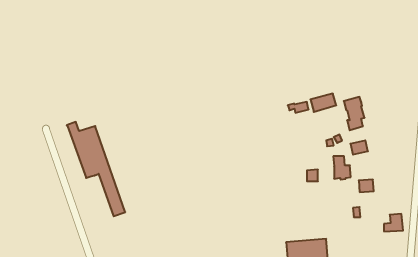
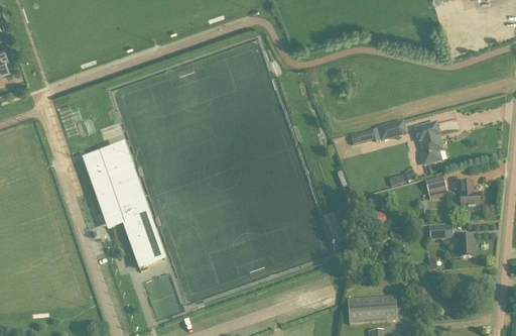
building: none -> [94,142,166,261]
building: [333,156,351,180] -> [460,180,481,208]
building: [384,214,403,231] -> [452,234,475,255]

